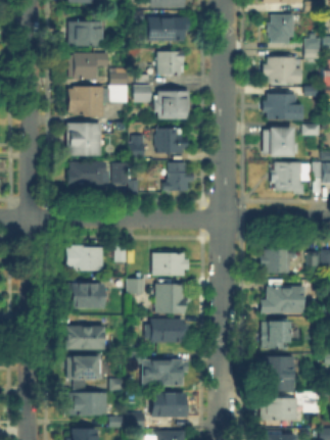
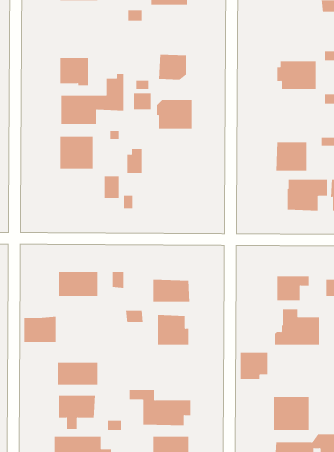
building: [268,14,293,42] -> none
building: [149,18,186,40] -> none
building: [69,22,99,45] -> none
building: [265,92,300,119] -> none
building: [156,130,186,151] -> none
building: [63,159,105,182] -> none
building: [164,163,191,190] -> none
building: [73,283,102,306] -> [24,316,57,342]
building: [151,320,187,341] -> none
building: [263,323,288,347] -> [240,352,268,379]

